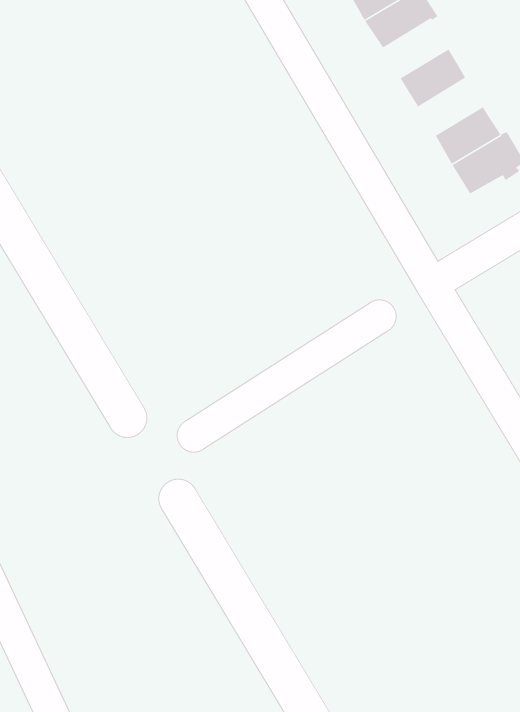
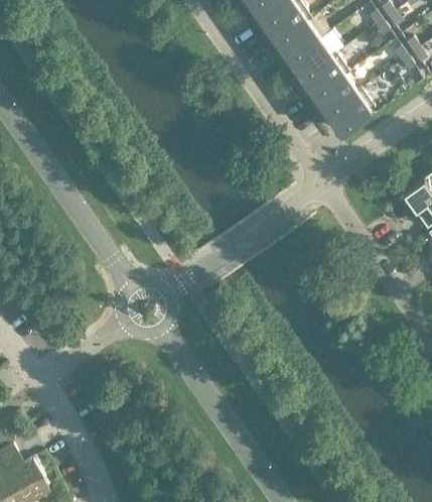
building: none -> [277,22,319,61]
building: none -> [302,54,348,97]

